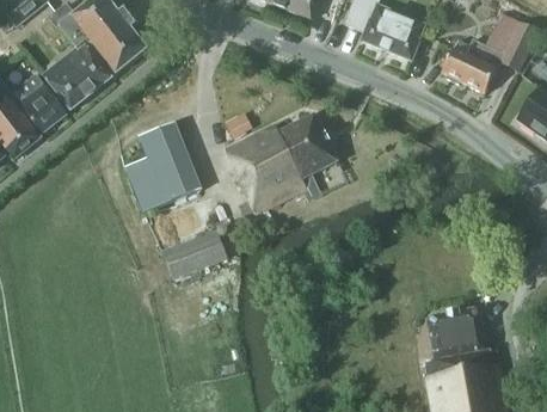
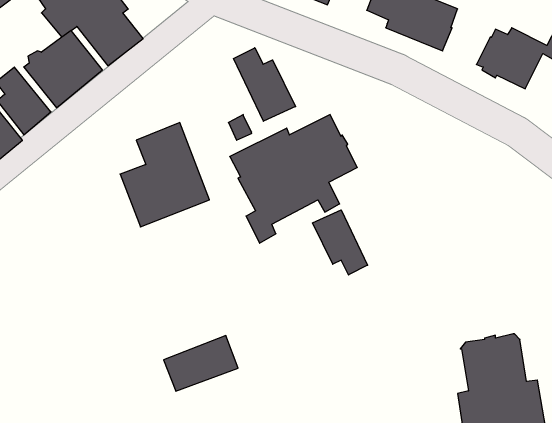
building: none -> [233,48,296,121]
building: none -> [312,210,368,275]
building: [161,227,227,276] -> [164,336,238,391]

